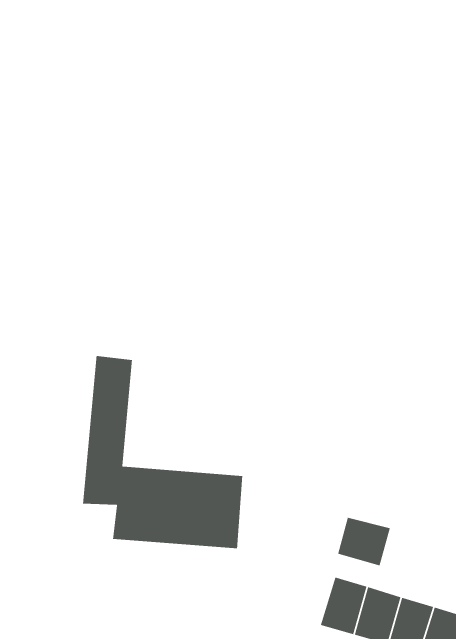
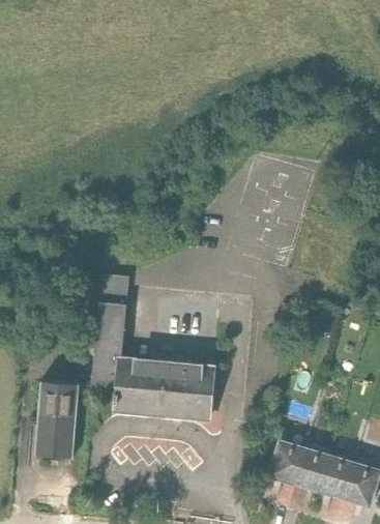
building: none -> [33,389,79,468]
building: [337,517,391,567] -> none

